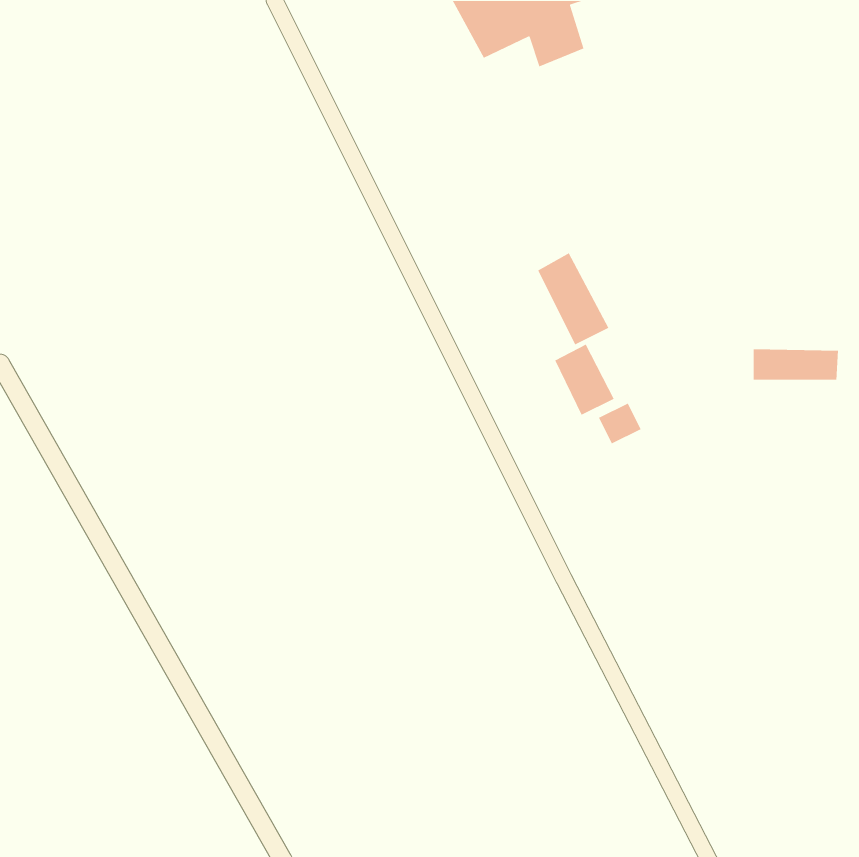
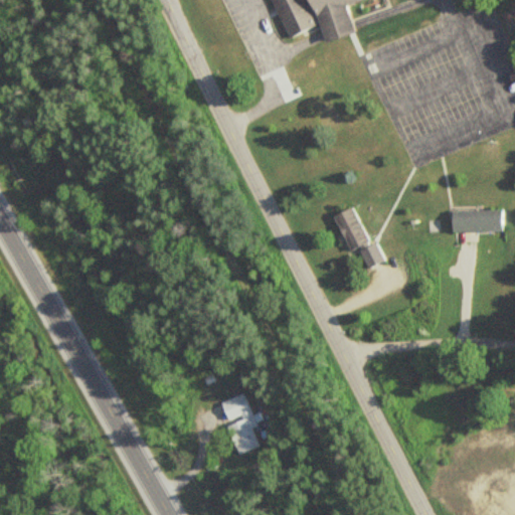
building: [537,252,609,346] -> none
building: none -> [220,392,260,455]

